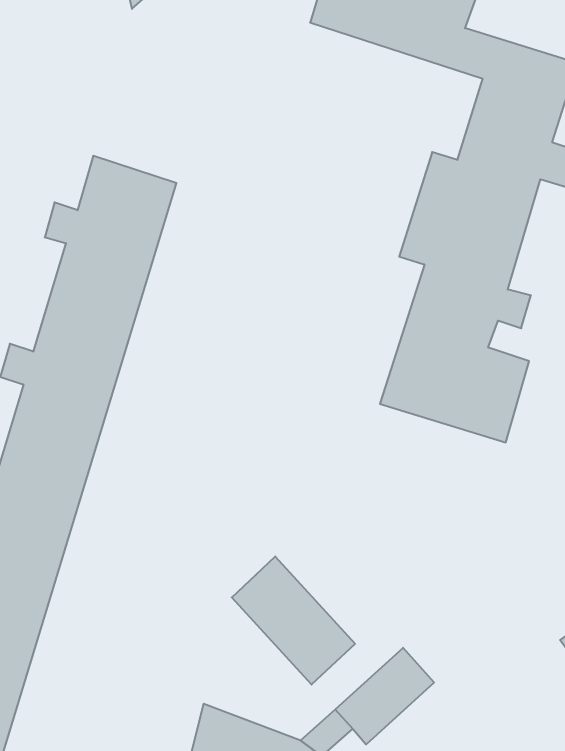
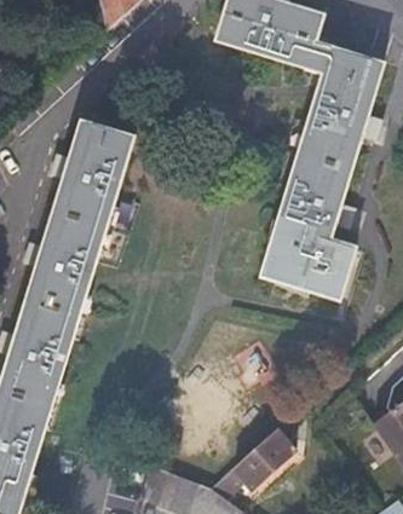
building: [232,556,355,685] -> none

